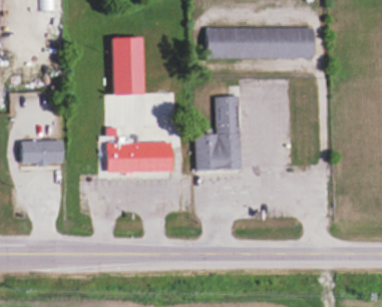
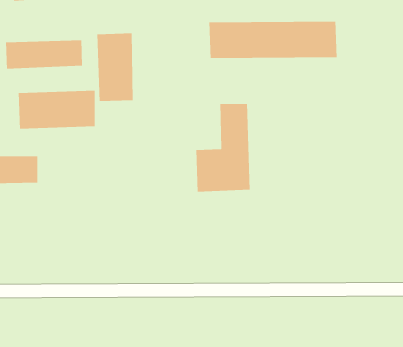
building: none -> [5,40,83,70]
building: [107,141,172,175] -> [18,90,95,129]

